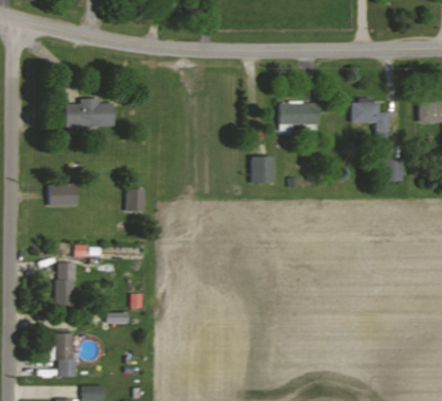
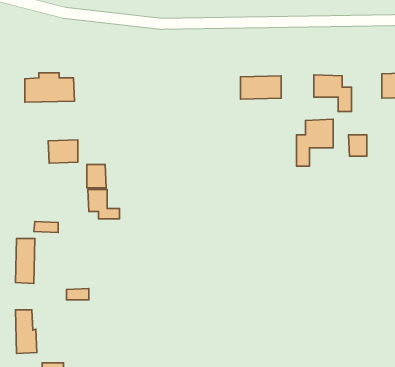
building: none -> [297,119,333,166]
building: [250,156,273,183] -> none
building: [47,183,77,206] -> [48,140,78,163]
building: none -> [88,189,119,219]

